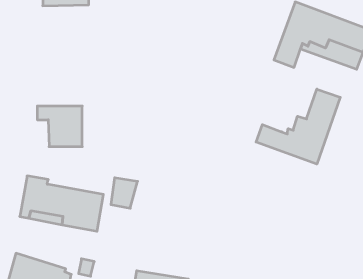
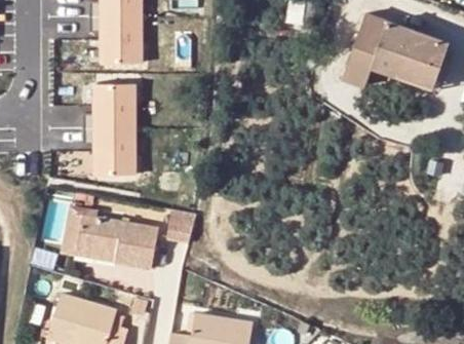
building: none -> [90,16,142,64]
building: none -> [84,84,134,129]
building: [256,89,340,164] -> none

